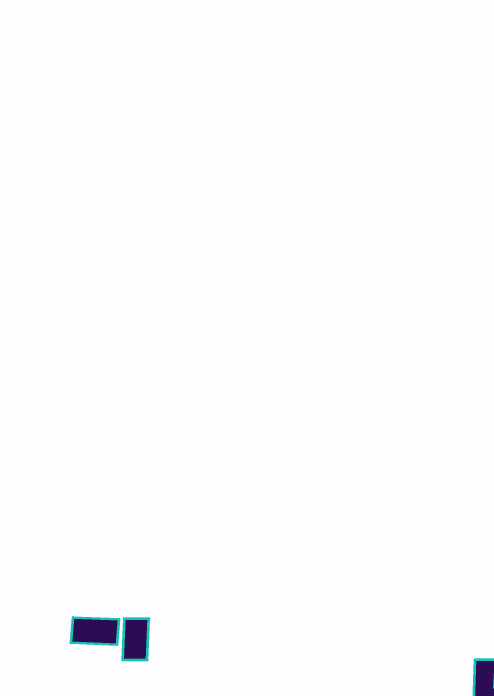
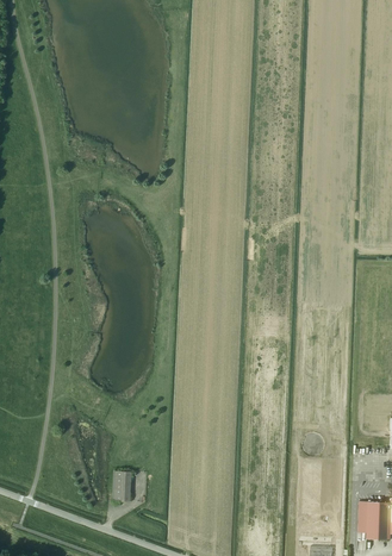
building: [71,617,119,645] -> none

